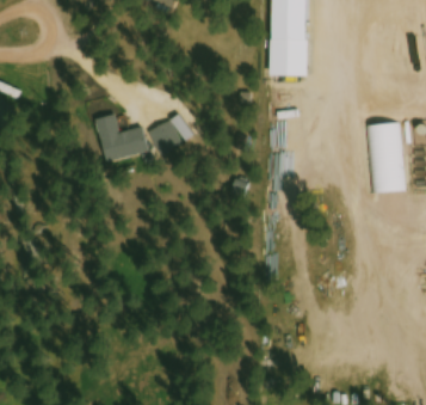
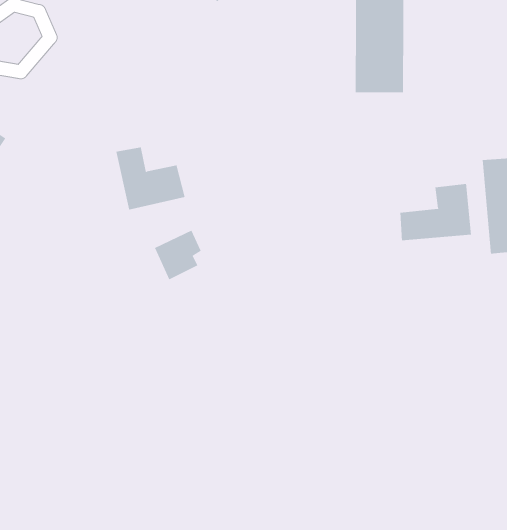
building: [149,116,184,153] -> [154,230,201,280]
building: none -> [400,183,472,241]

